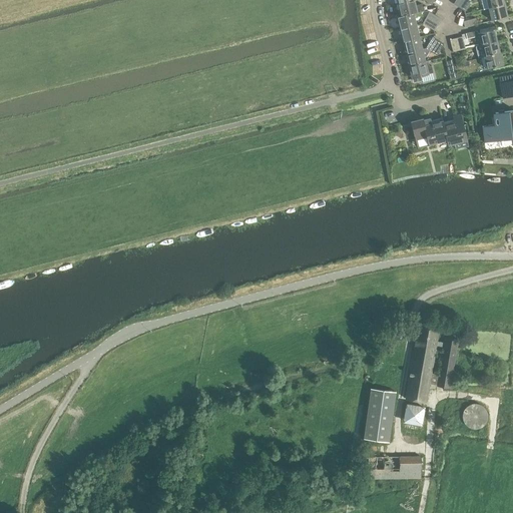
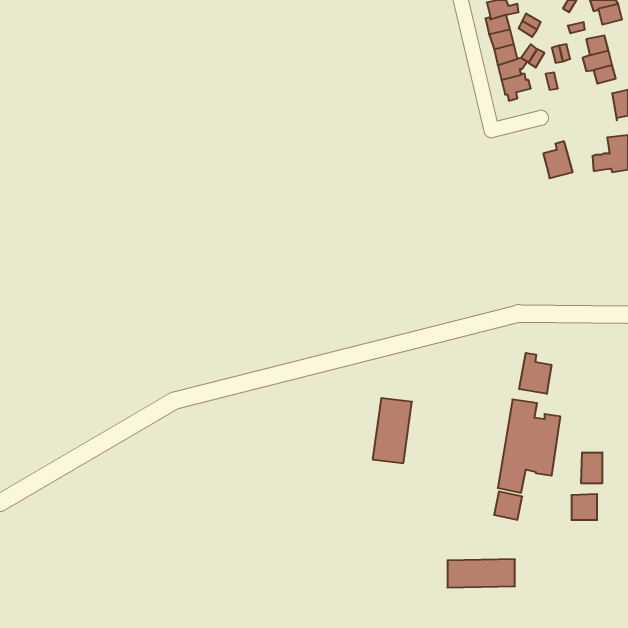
building: [413,118,447,147] -> none
building: none -> [519,353,551,394]
building: none -> [581,452,602,483]
building: [363,389,395,442] -> [373,398,412,463]

